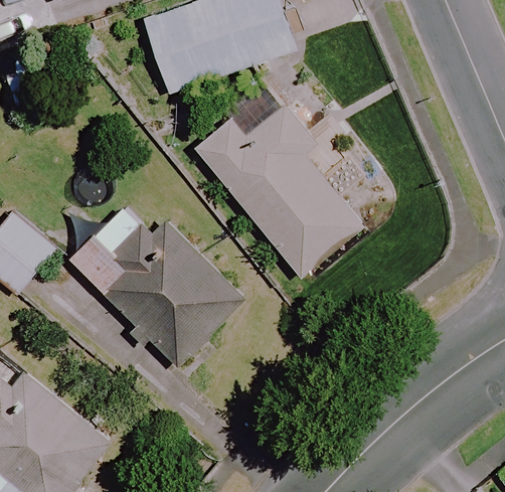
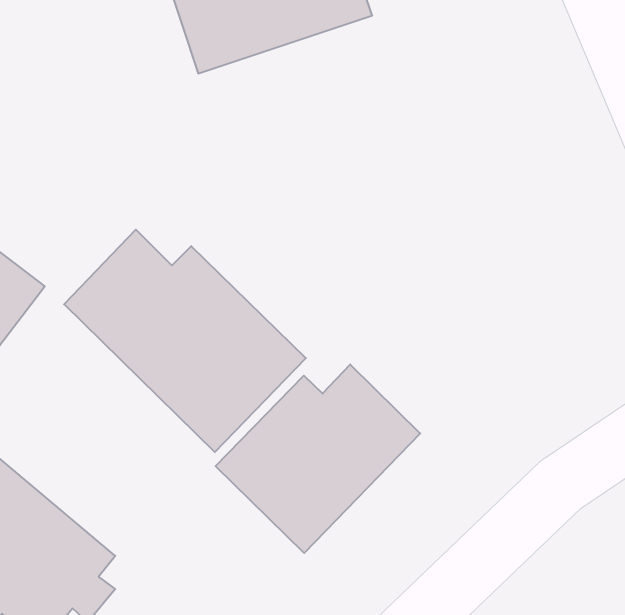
building: [197,90,362,277] -> none
building: none -> [216,364,420,553]

